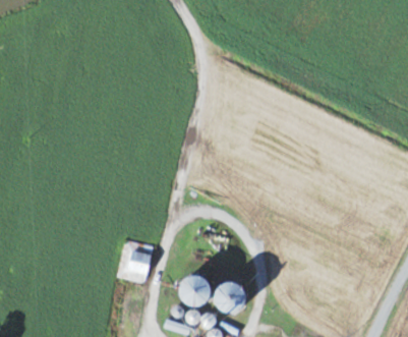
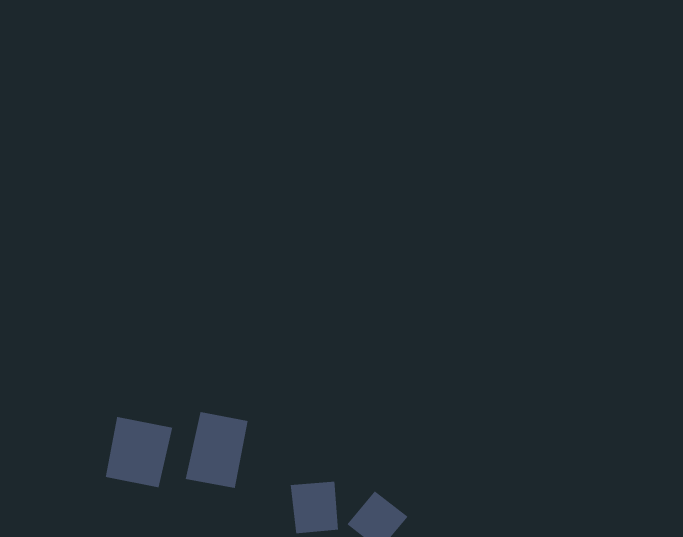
building: none -> [105,416,173,488]

